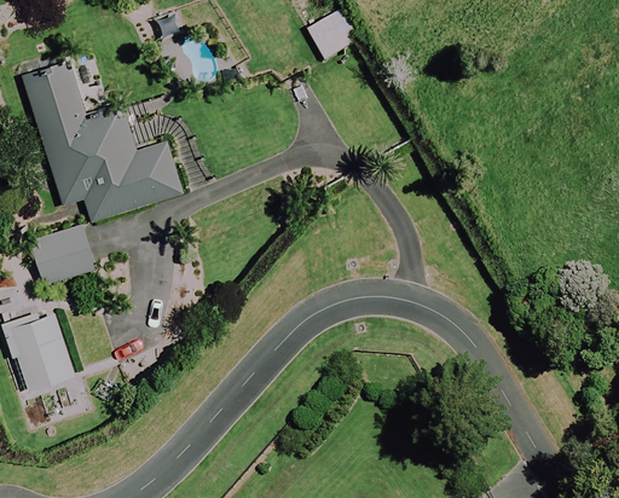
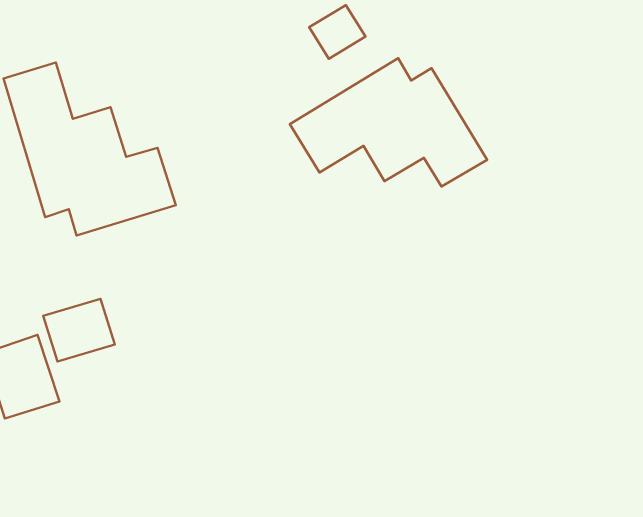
building: none -> [290,58,487,187]
building: [30,226,97,284] -> [43,299,115,362]

